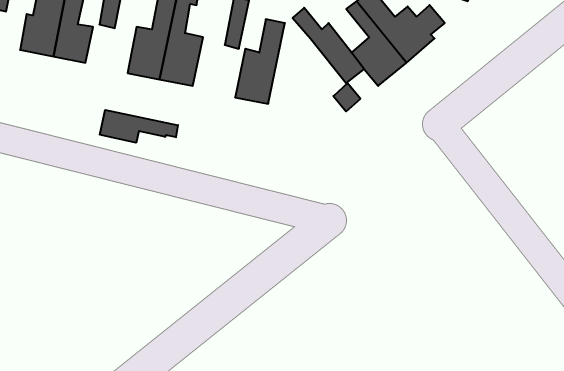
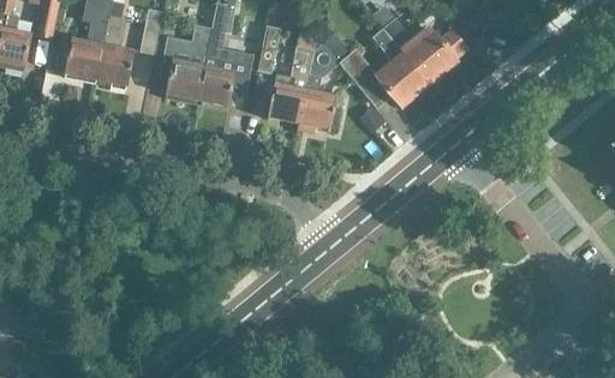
building: none -> [298,43,340,131]
building: [100,110,178,143] -> none

